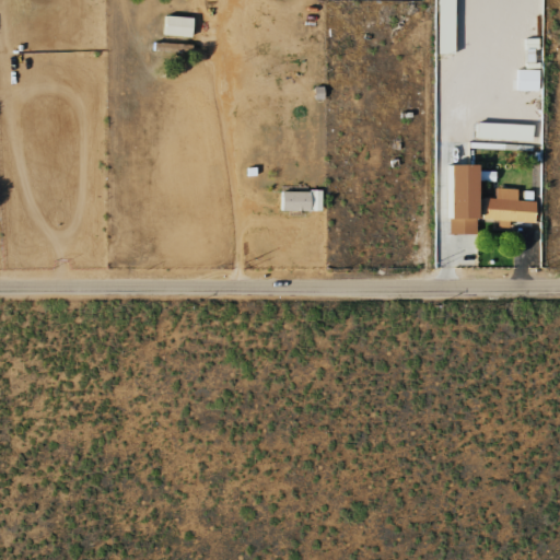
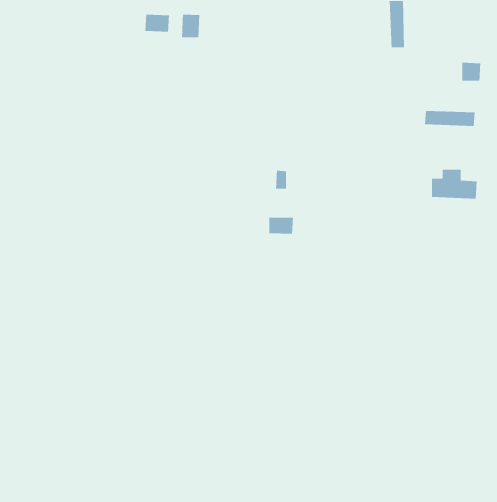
building: none -> [181,14,200,38]
building: [450,164,478,234] -> none
building: [283,191,312,211] -> [268,217,294,235]

